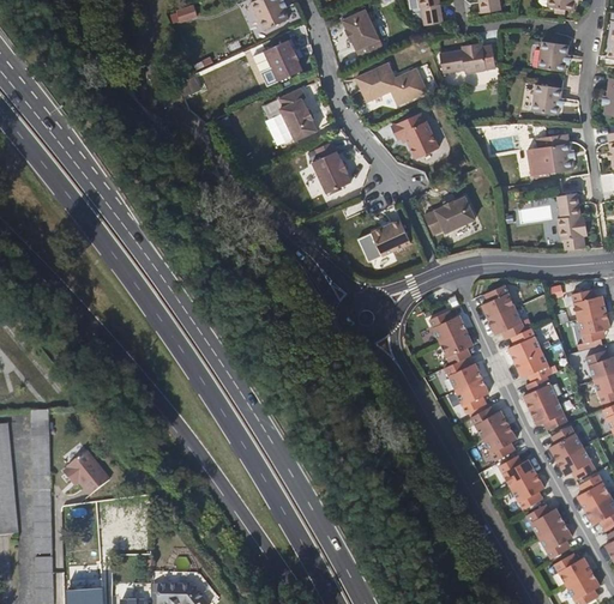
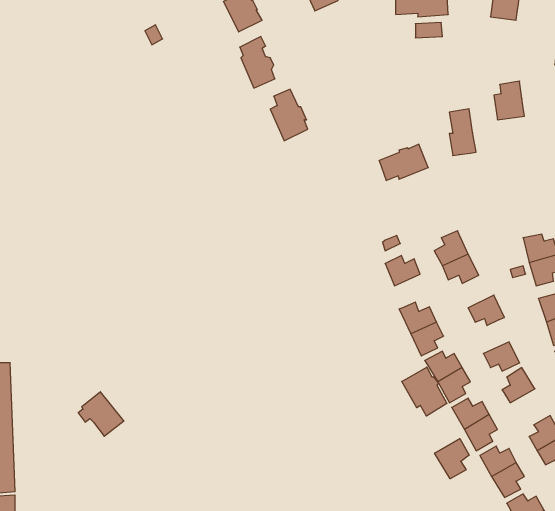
building: [355,64,426,103] -> none
building: [530,84,559,113] -> none
building: [390,114,438,158] -> none
building: [558,192,585,240] -> [449,109,476,156]
building: [371,217,410,253] -> none
building: [507,328,541,364] -> none
building: [439,330,472,363] -> none
building: [523,376,556,411] -> none
building: none -> [402,367,447,416]
building: [558,447,595,478] -> none
building: [61,449,108,495] -> [78,392,124,436]
building: none -> [435,439,469,479]

